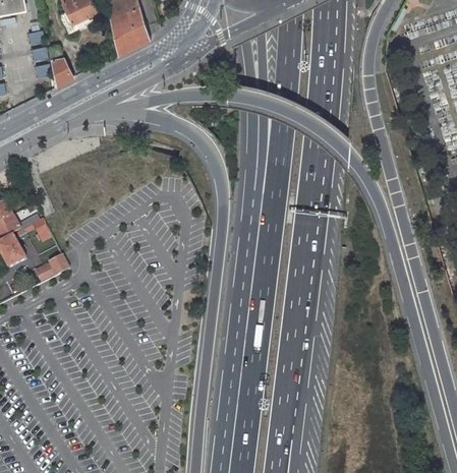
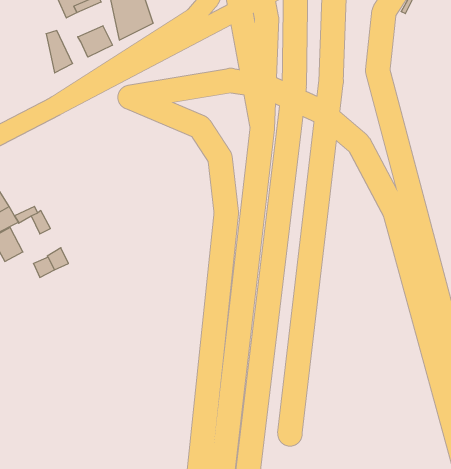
building: none -> [78,26,112,57]

